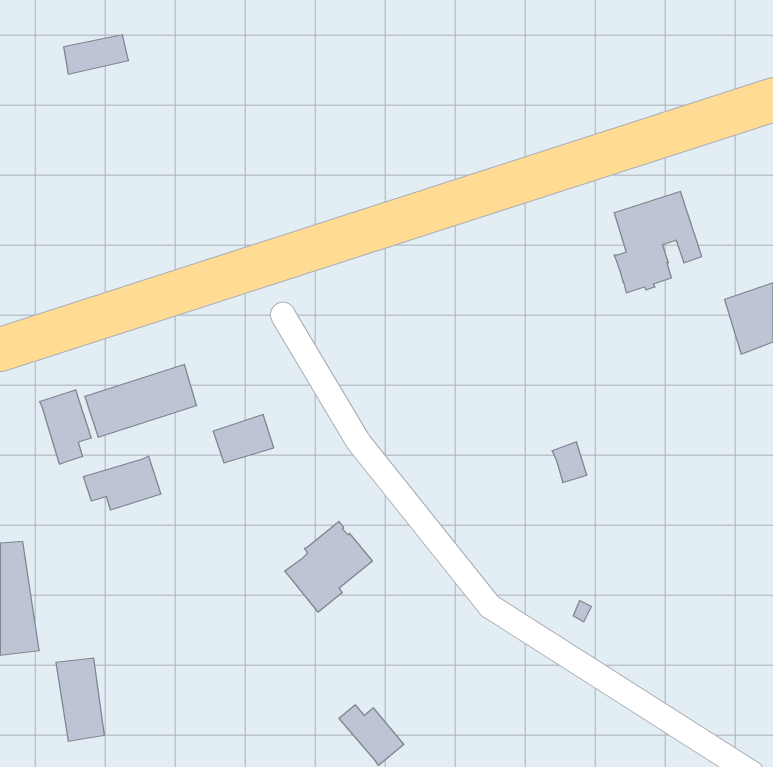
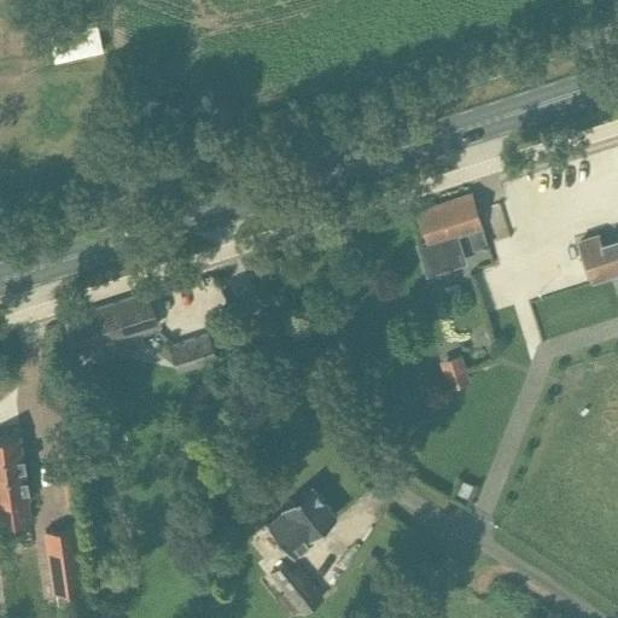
building: [614,192,702,293] -> [418,197,488,278]
building: [40,390,91,464] -> none
building: [83,456,161,510] -> none
building: [285,521,372,612] -> [267,486,337,559]

